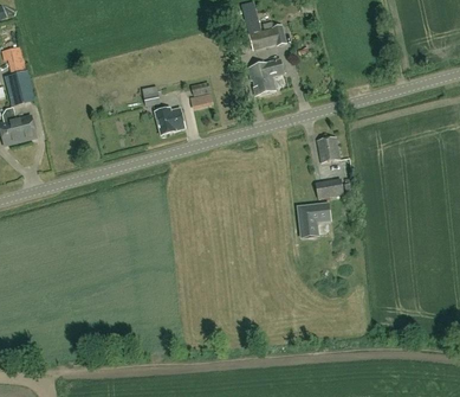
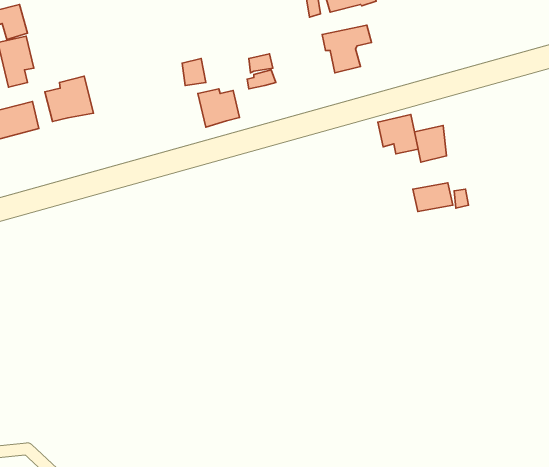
building: none -> [45,76,93,122]
building: none -> [378,115,418,154]
building: [300,206,328,235] -> none

